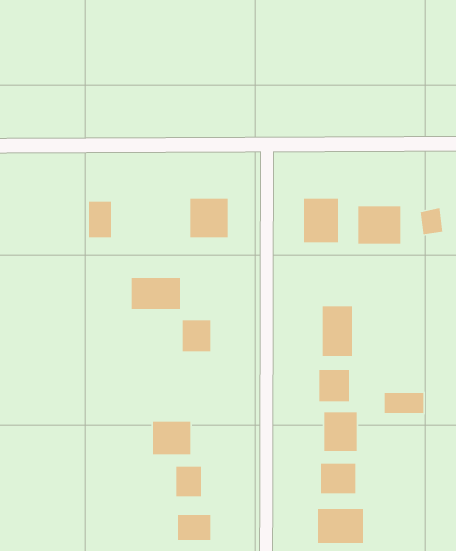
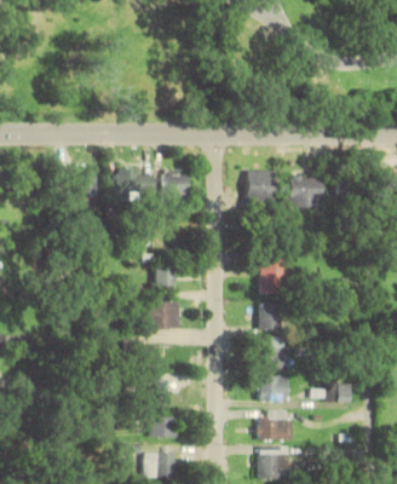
building: [131,277,181,310] -> [115,171,154,196]
building: none -> [150,302,177,328]
building: [384,392,424,414] -> [320,386,351,403]

